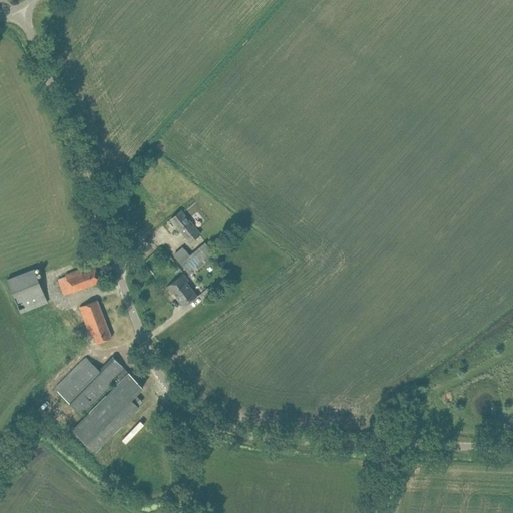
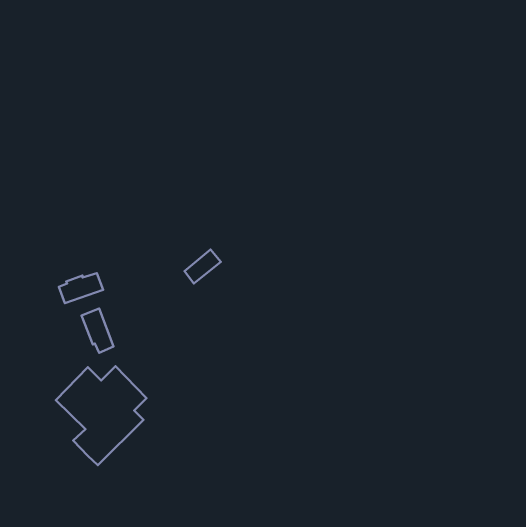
building: [170,210,199,241] -> none
building: [6,269,46,313] -> none
building: [165,274,197,306] -> none

